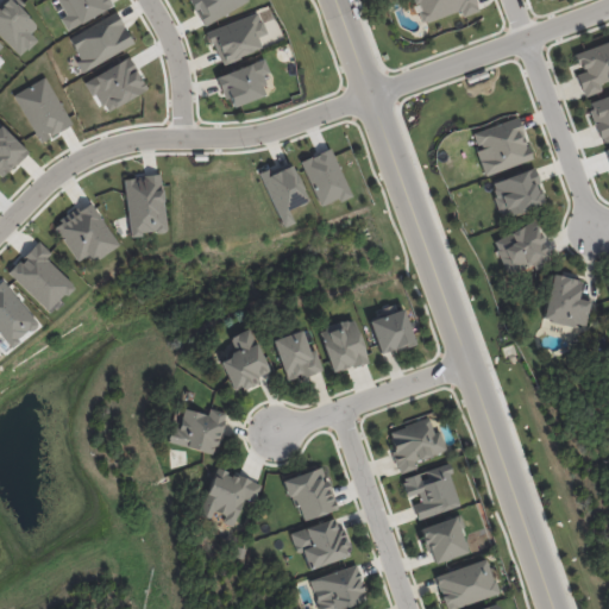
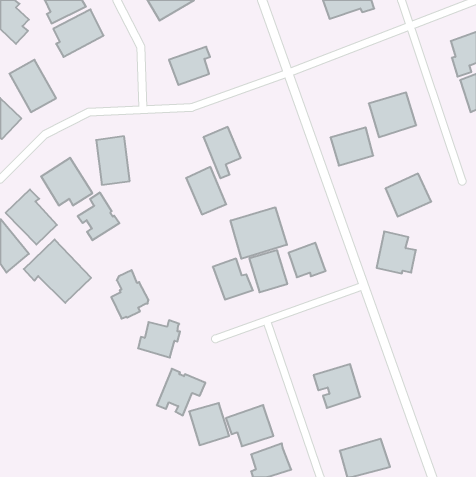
building: [208,12,266,64] -> none
building: [87,57,146,112] -> none
building: [300,147,351,208] -> [186,167,226,214]
building: [490,169,545,218] -> [330,127,373,166]
building: none -> [78,192,119,240]
building: none -> [231,207,287,259]
building: [542,274,592,327] -> [377,231,416,273]
building: none -> [24,239,91,303]
building: [226,328,274,390] -> [111,270,149,319]
building: [388,419,447,473] -> none
building: [285,467,337,521] -> [189,403,229,445]
building: [417,515,471,563] -> none

